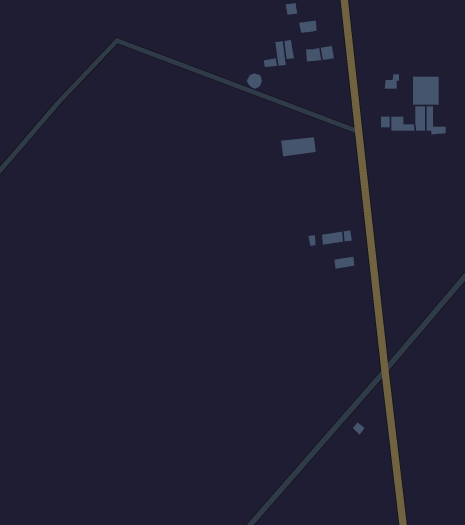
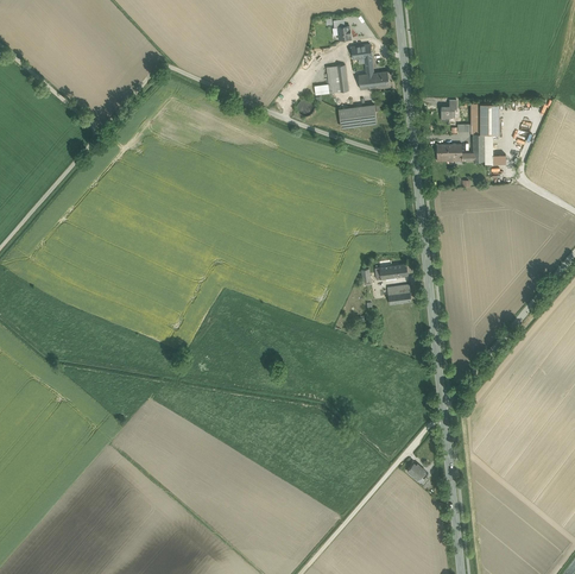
building: [280,137,317,157] -> [339,105,377,126]

